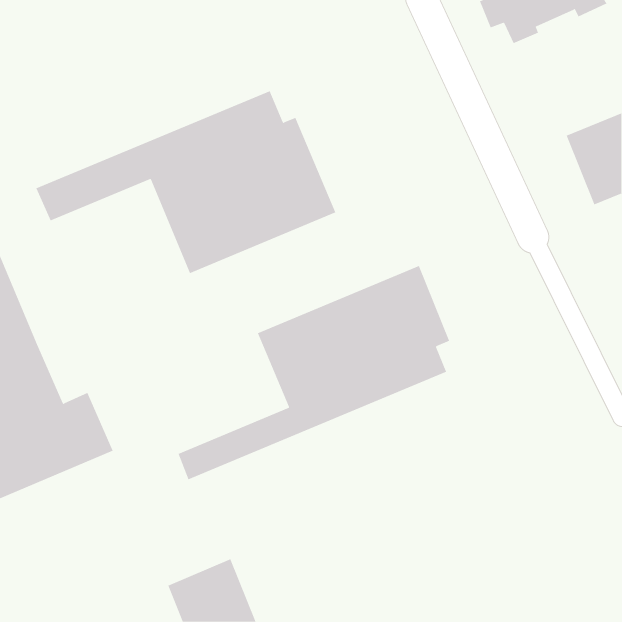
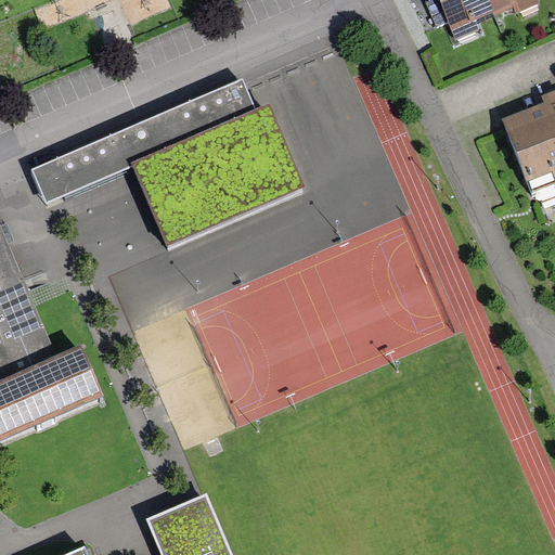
building: [178,265,450,480] -> none

